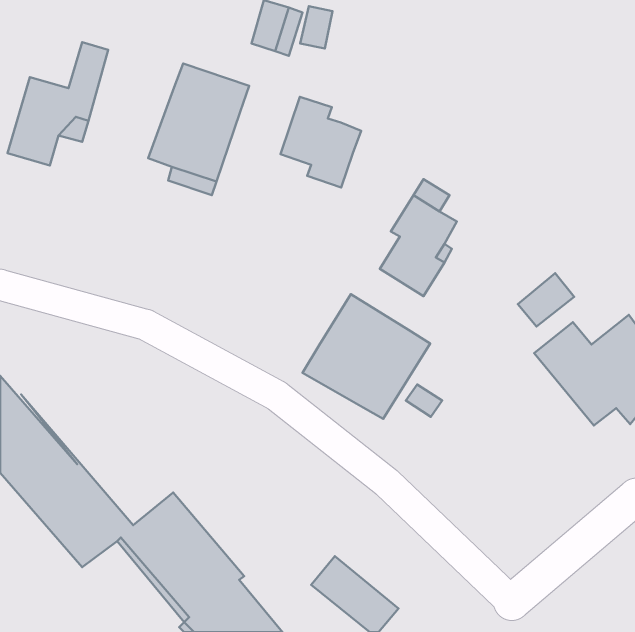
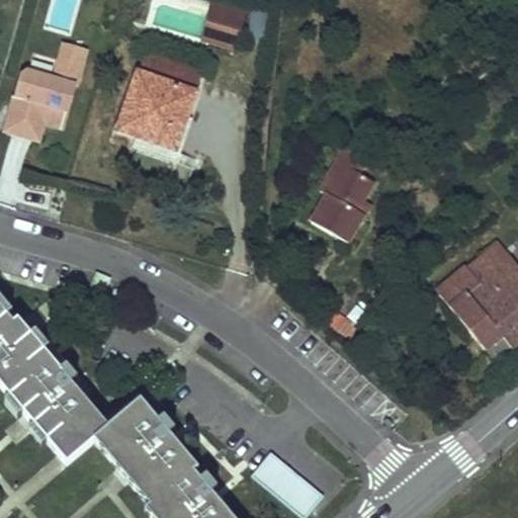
building: [281,97,361,187] -> none
building: [518,273,574,327] -> [466,237,512,280]
building: [303,294,430,419] -> none

